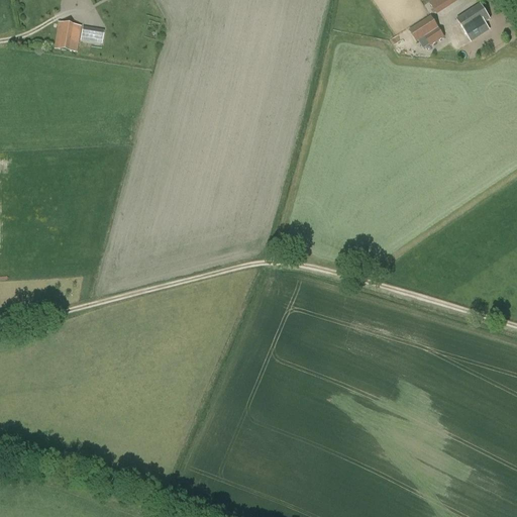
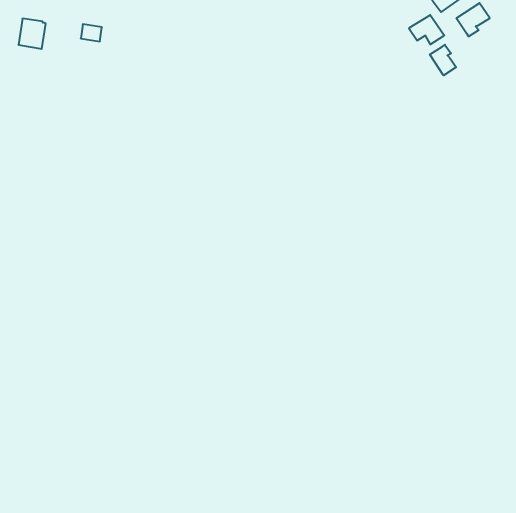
building: [54,20,81,50] -> [18,19,46,49]
building: none -> [430,45,456,75]

